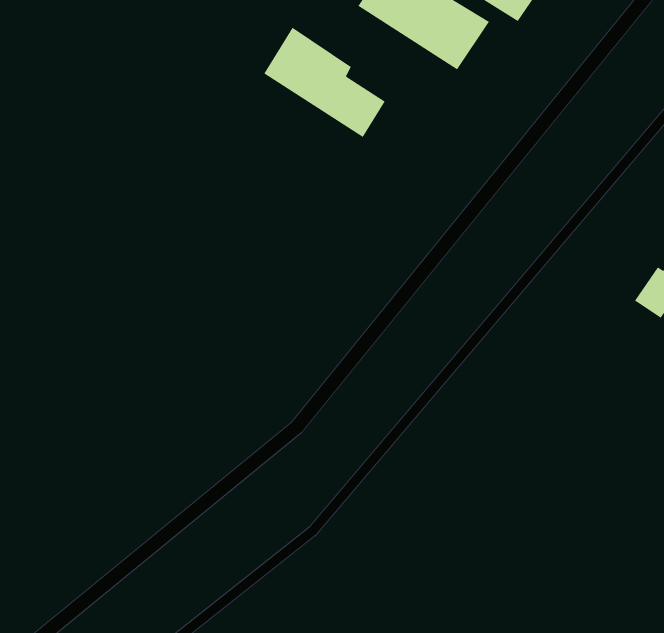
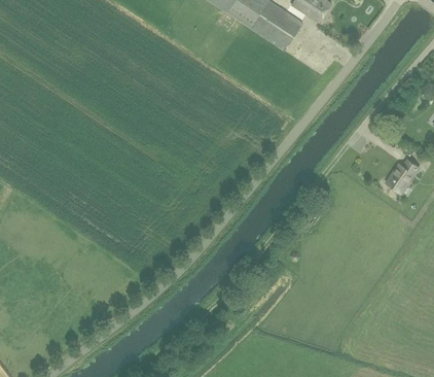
building: [263,27,386,138] -> none

